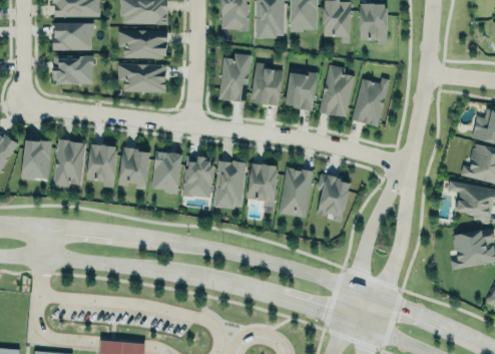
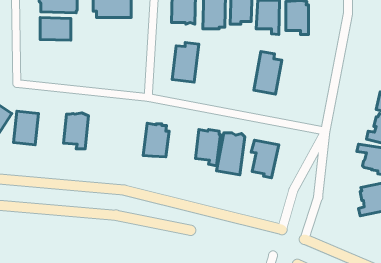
building: [117,29,167,57] -> none
building: [53,56,94,85] -> none
building: [253,63,283,105] -> none
building: [118,64,167,93] -> none
building: [286,72,318,110] -> none
building: [351,77,390,126] -> none
building: [53,138,86,189] -> none
building: [119,145,150,189] -> none
building: [151,149,182,194] -> none
building: [213,160,246,209] -> none

